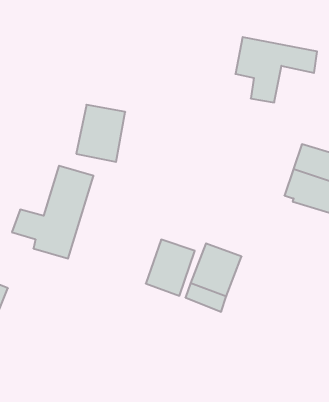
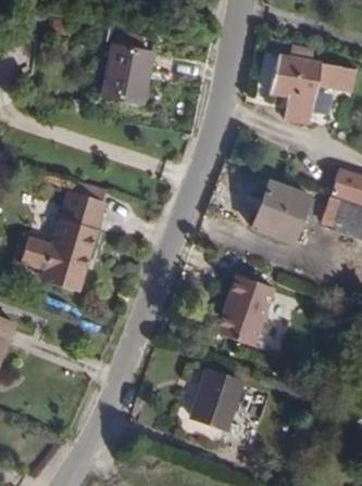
building: [76,105,125,162] -> [105,44,158,105]
building: none -> [245,180,303,242]
building: [146,240,195,296] -> [183,369,235,429]

